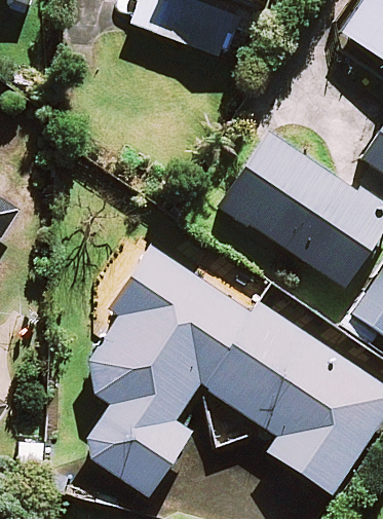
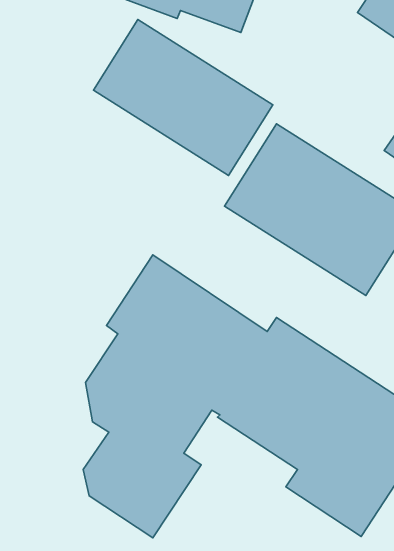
building: none -> [94,19,273,175]

